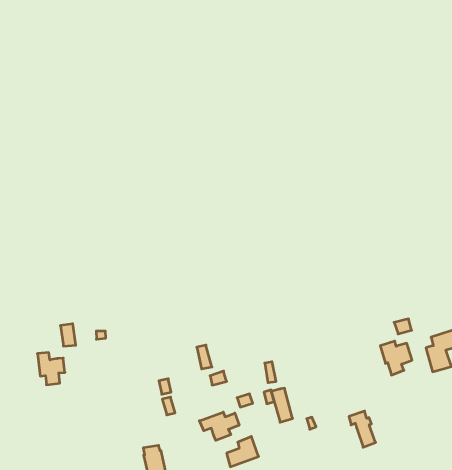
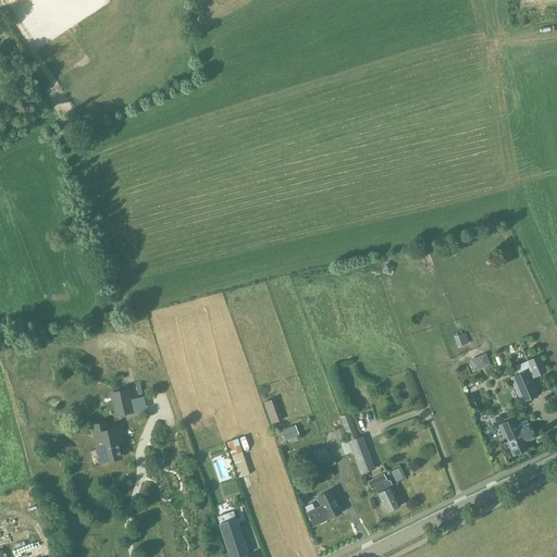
building: [380,341,412,375] -> [499,419,535,456]
building: [349,411,376,447] -> [369,473,400,512]
building: [199,412,239,440] -> none

